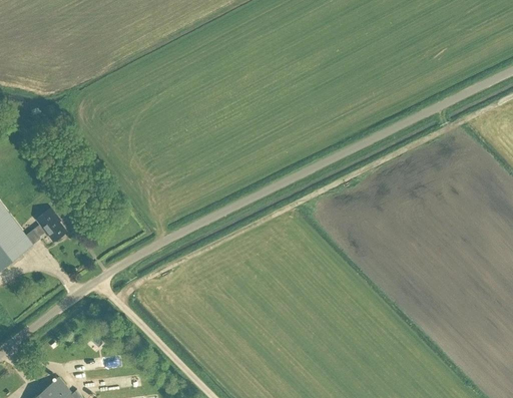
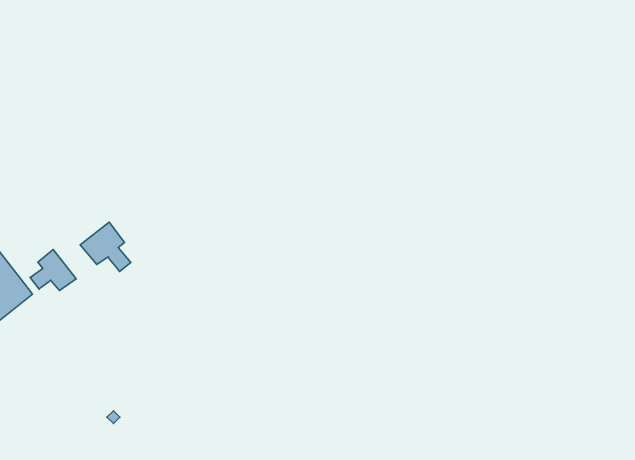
building: none -> [80,222,131,271]

